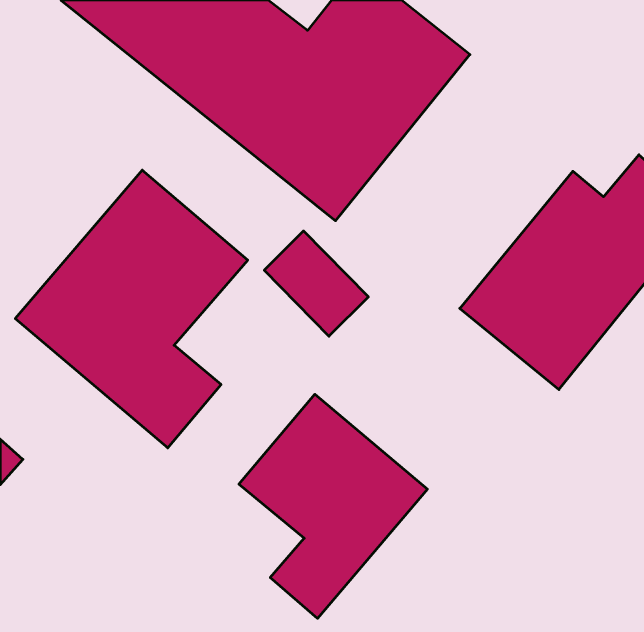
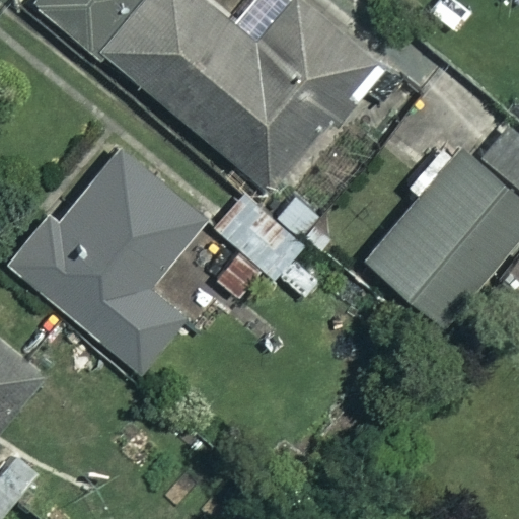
building: [239,394,427,618] -> none

